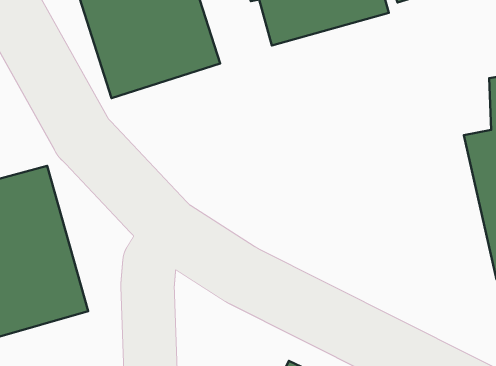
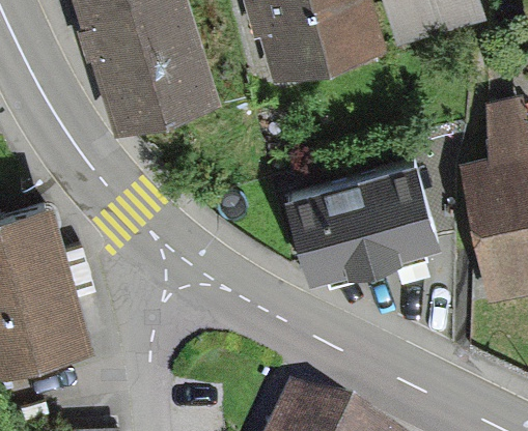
building: none -> [283,160,442,285]

